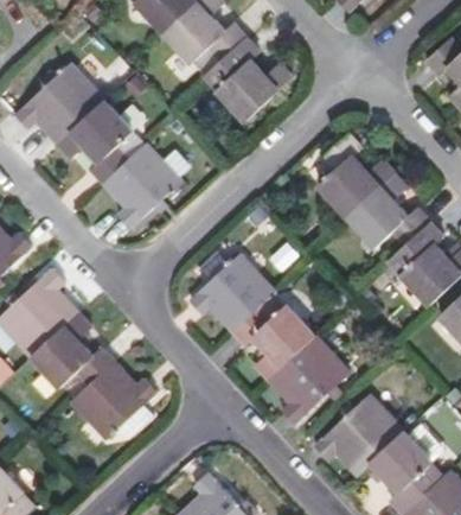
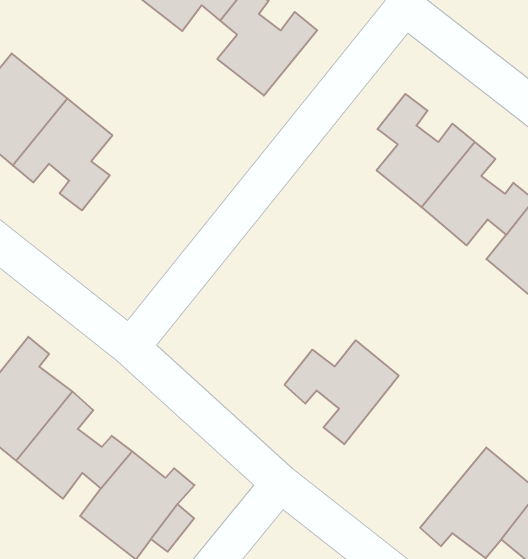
building: [103,144,179,229] -> none
building: [188,253,273,329] -> none
building: [268,333,350,422] -> none

